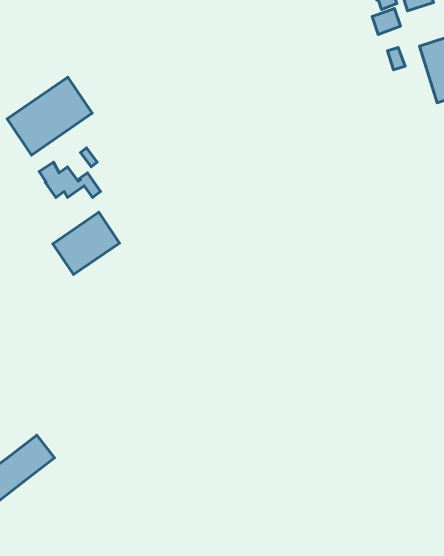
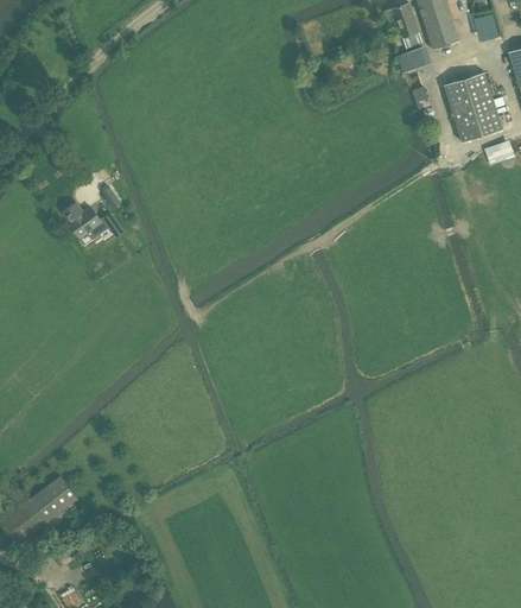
building: [7,77,92,155] -> none
building: [53,212,119,275] -> none

